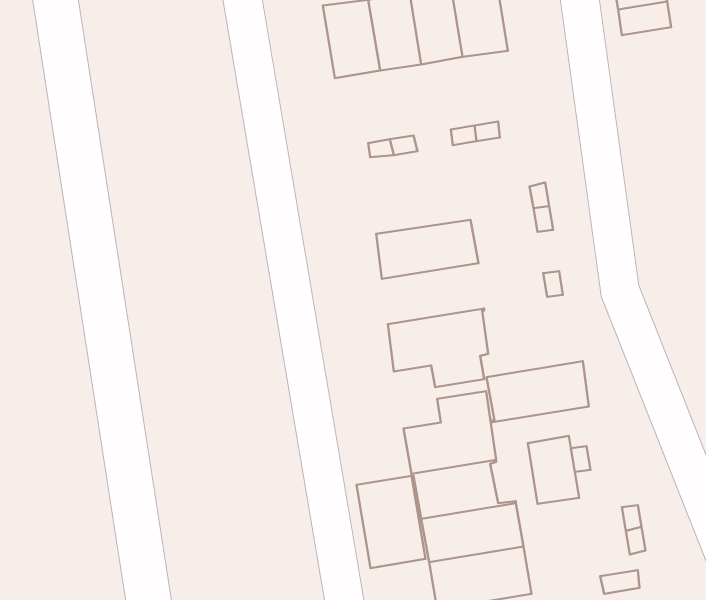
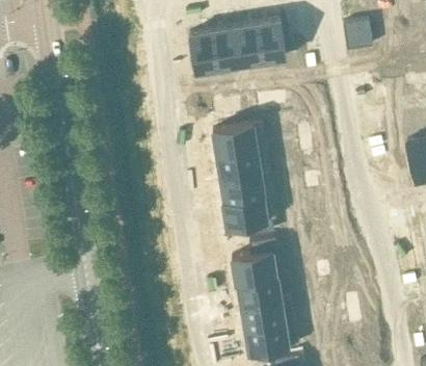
building: none -> [211,125,265,157]
building: [486,361,589,422] -> [218,173,272,205]
building: [528,436,579,504] -> none
building: [357,476,425,568] -> none

